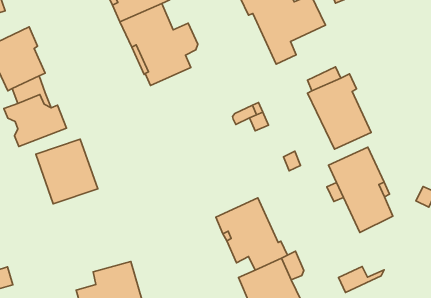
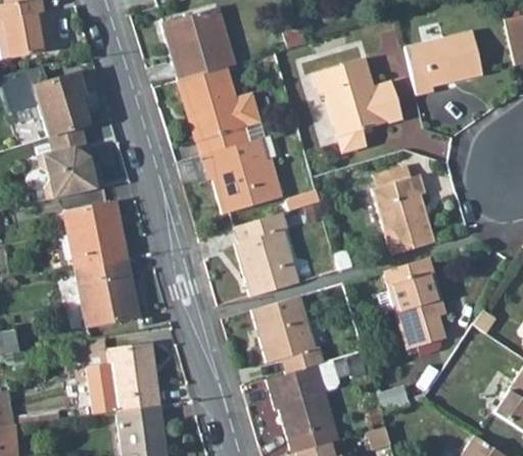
building: none -> [201,138,283,214]
building: none -> [234,213,299,297]
building: none -> [76,260,139,326]

